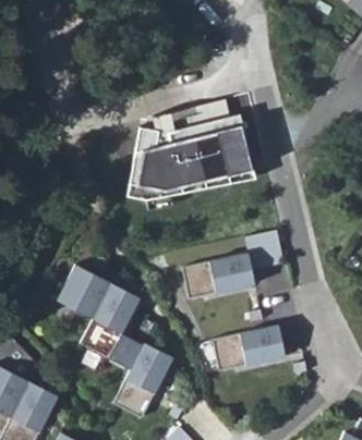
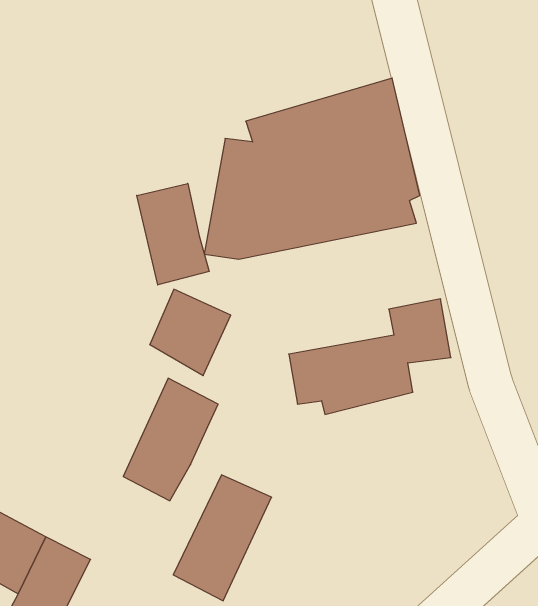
building: none -> [137,183,209,285]
building: [56,264,107,318] -> [150,289,231,376]
building: [212,325,290,374] -> none

